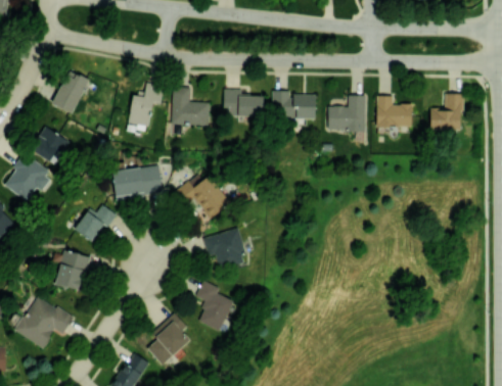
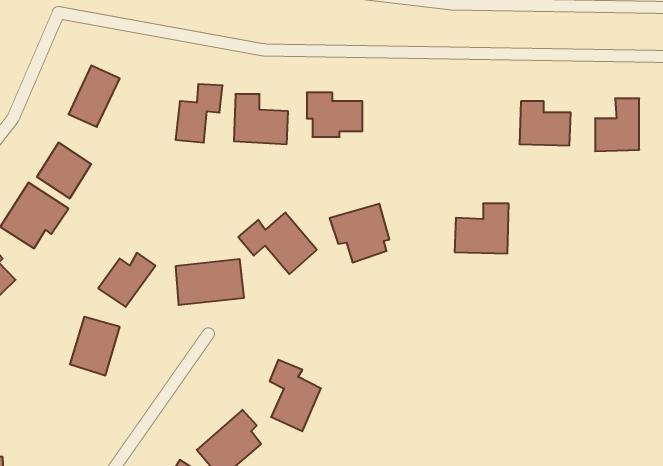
building: [272,90,316,118] -> none
building: [327,95,366,131] -> [455,204,509,254]
building: [112,165,162,198] -> [176,259,244,305]
building: [202,228,245,270] -> [330,204,389,262]
building: [14,295,73,348] -> none

